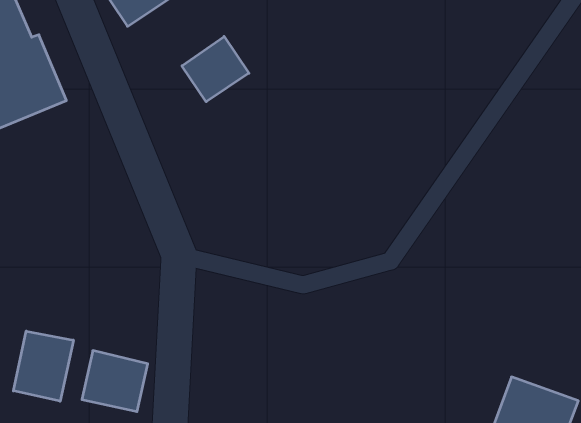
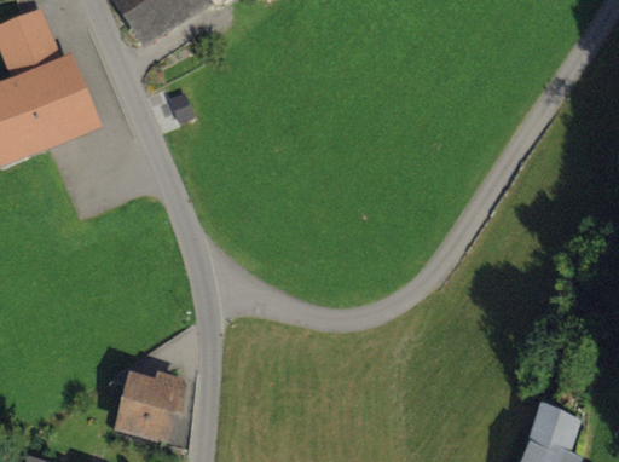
building: [182,36,249,102] -> none
building: [13,331,73,401] -> none

